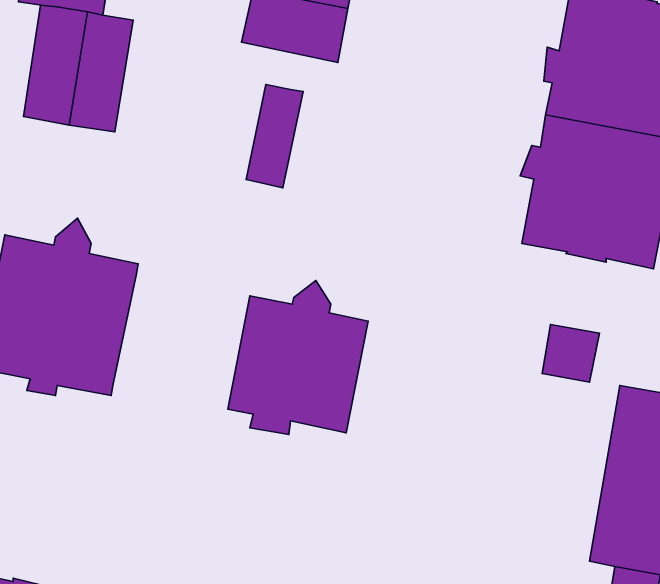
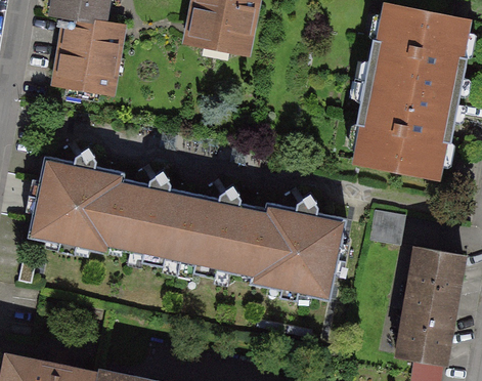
building: [246,84,303,188] -> none
building: none -> [109,170,192,266]
building: none -> [250,193,346,300]

